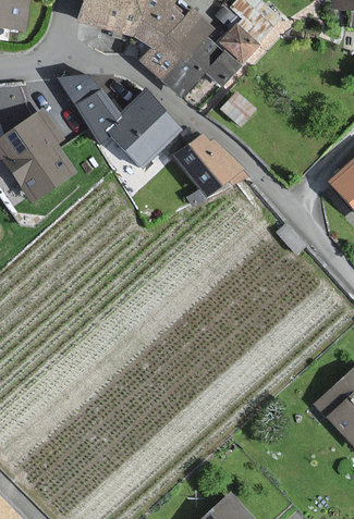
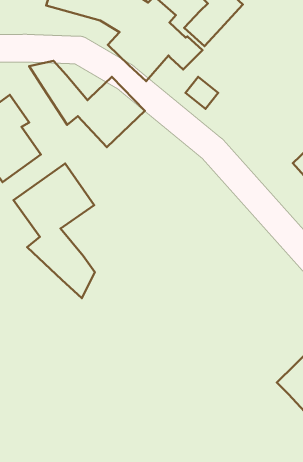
building: [176,136,243,195] -> none
building: none -> [13,164,95,298]

